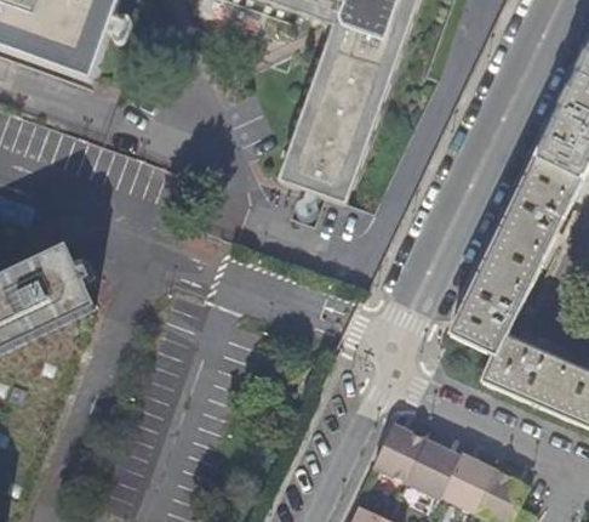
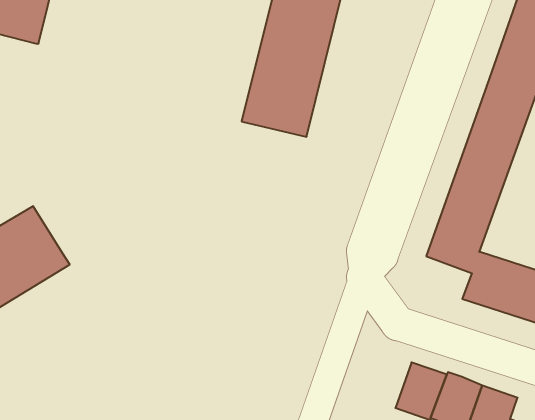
building: [370,421,424,481] -> none

